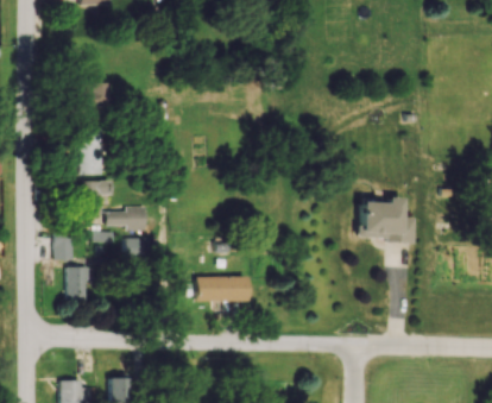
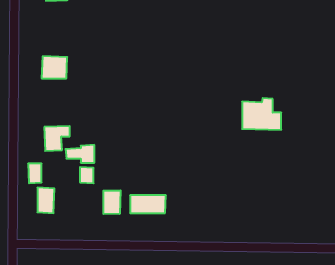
building: [76,130,101,174] -> none
building: [361,196,416,240] -> [242,98,281,130]
building: none -> [103,190,121,214]

